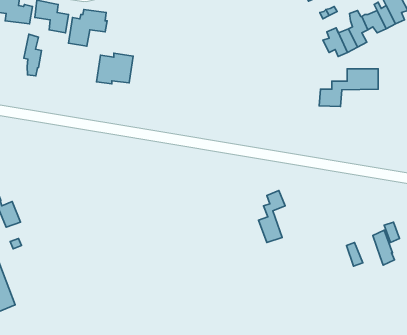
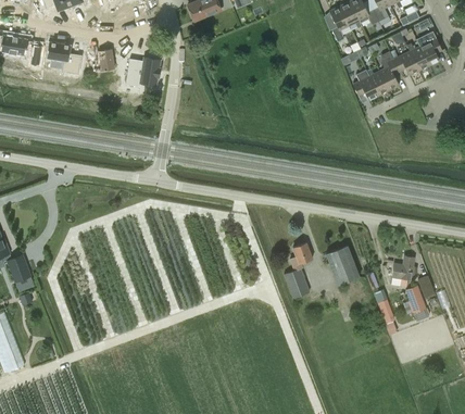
building: [24,34,42,76] -> none
building: [96,53,133,84] -> [124,55,163,88]
building: [319,69,378,107] -> none
building: none -> [325,244,360,286]
building: none -> [391,256,416,287]

